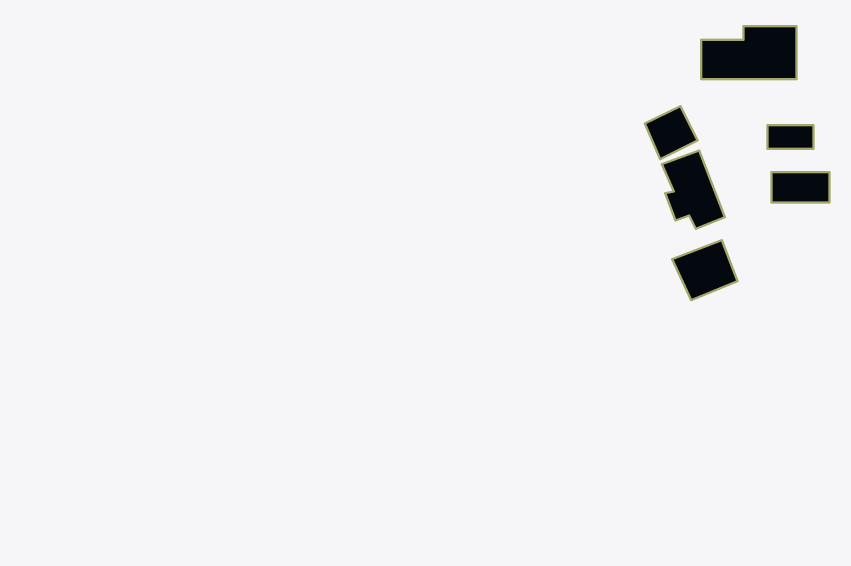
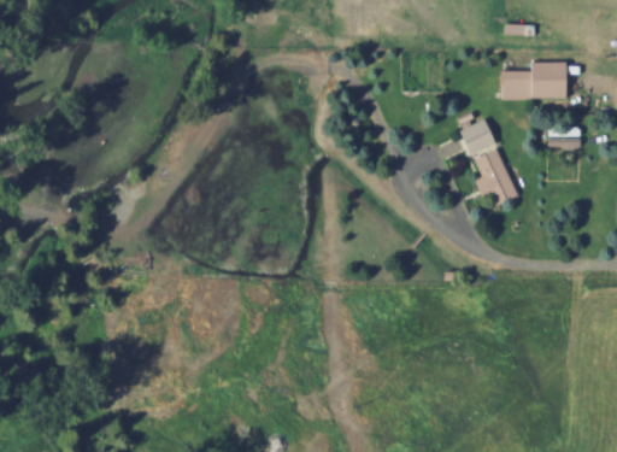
building: [771,172,829,203] -> none
building: [672,240,738,300] -> none

